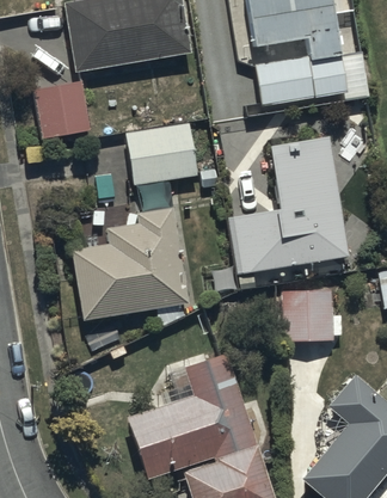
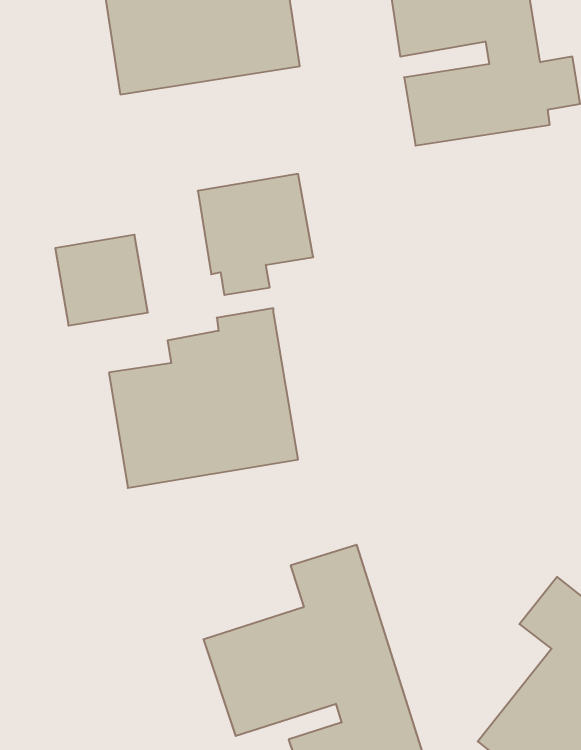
building: [32,79,91,136] -> [55,235,148,326]
building: [231,137,350,276] -> none
building: [280,290,343,342] -> none

